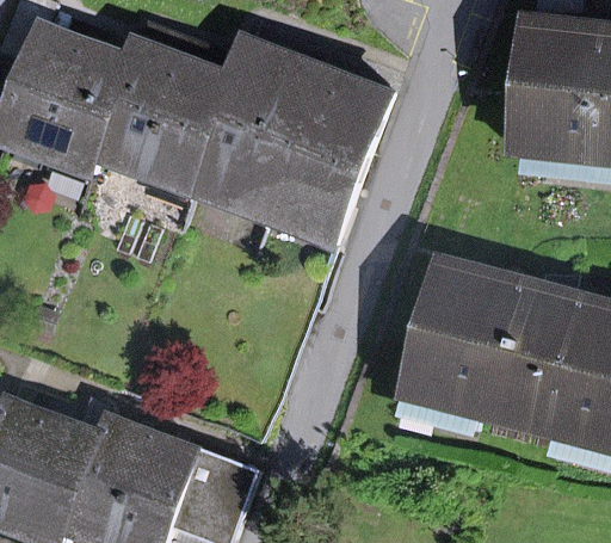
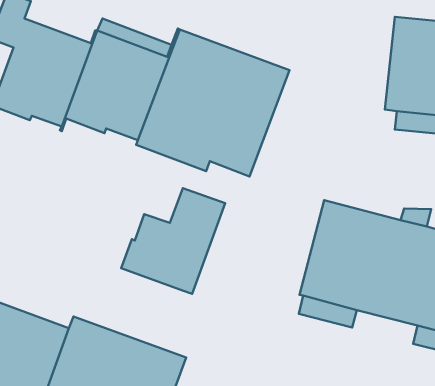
building: none -> [121,188,225,294]

